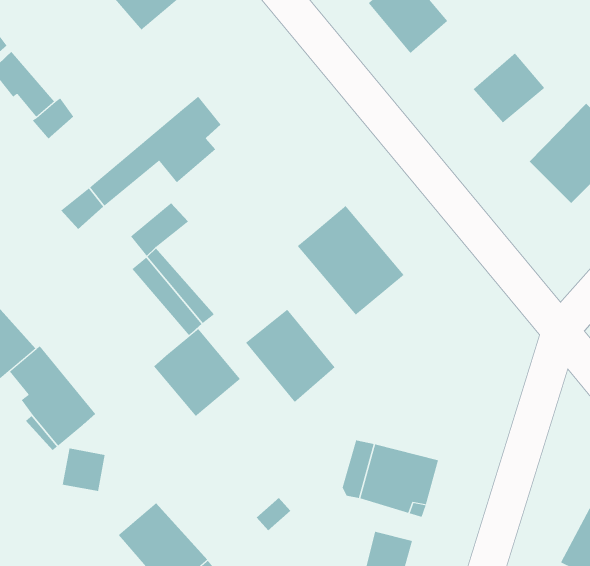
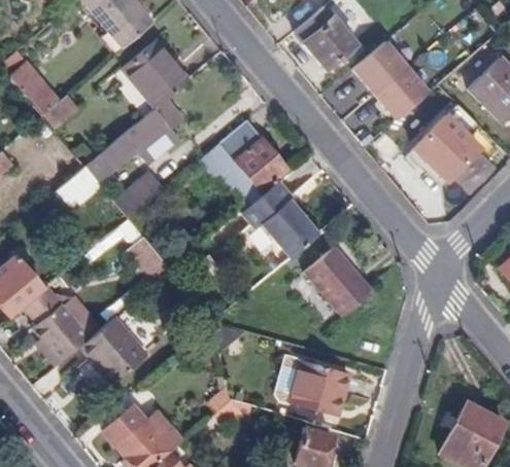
building: none -> [353,39,407,94]
building: none -> [125,44,189,108]
building: none -> [205,120,292,203]
building: [245,309,335,403] -> [305,248,373,319]
building: [153,328,241,417] -> [81,318,147,385]

